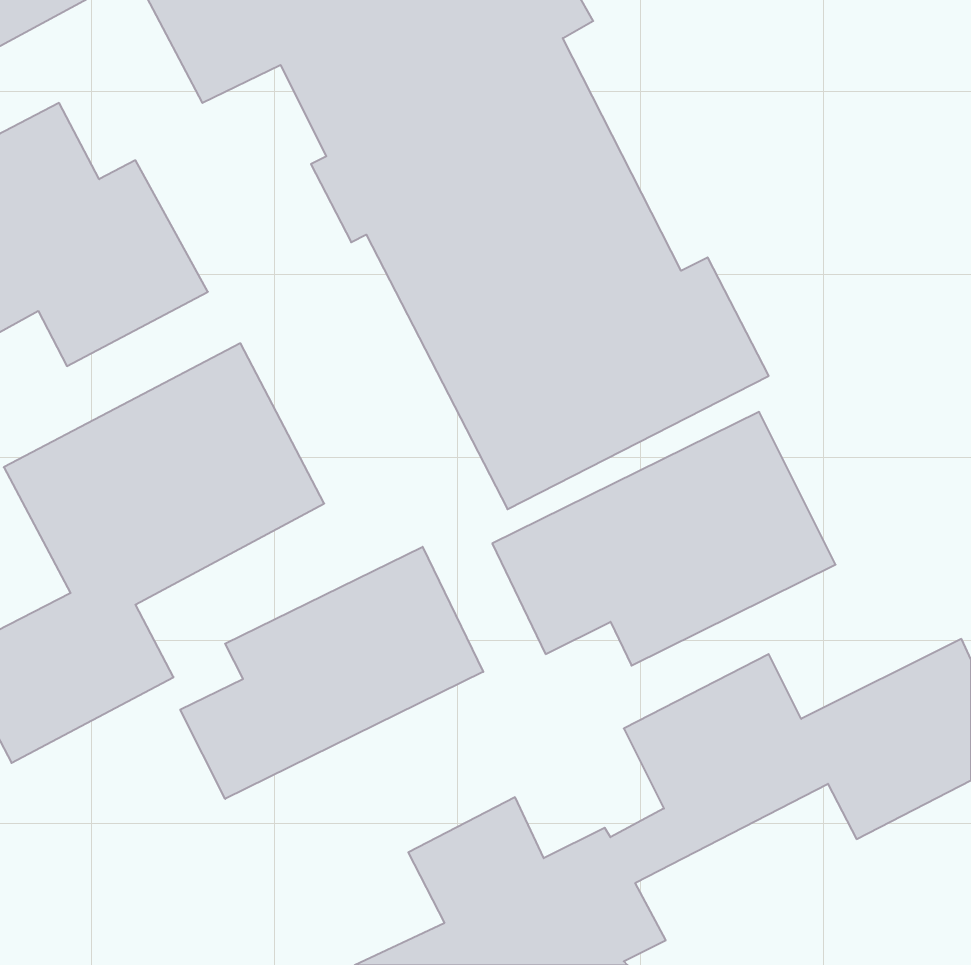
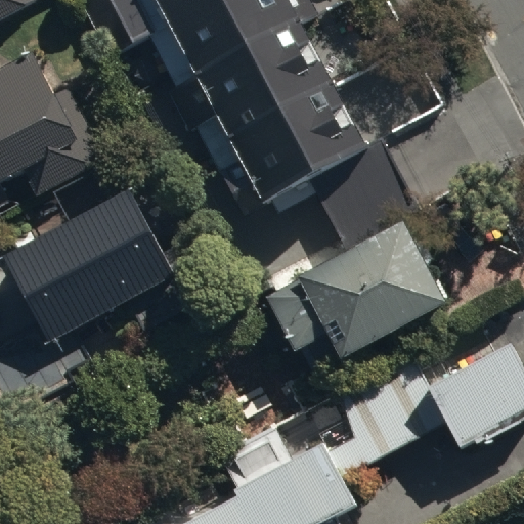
building: [180,547,483,799] -> none

